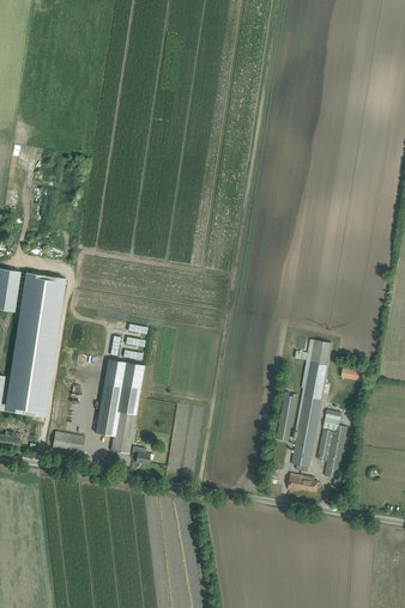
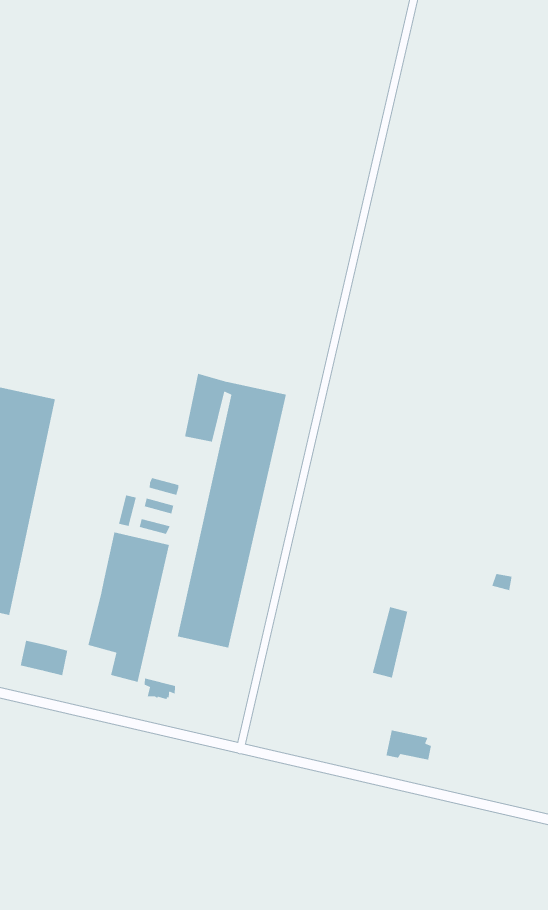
building: none -> [177,373,287,648]
building: [291,339,332,472] -> none
building: [316,409,346,478] -> none

